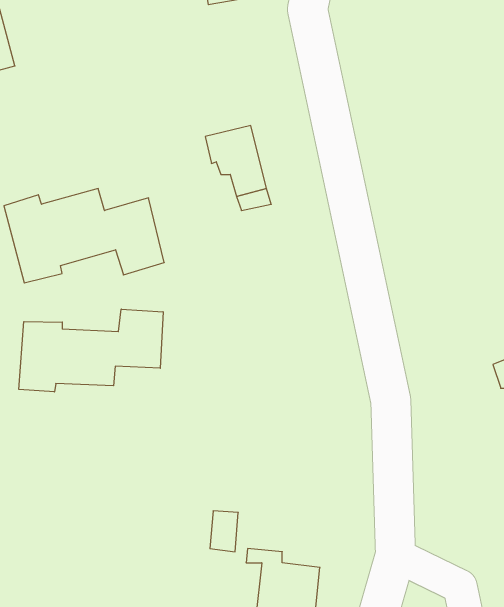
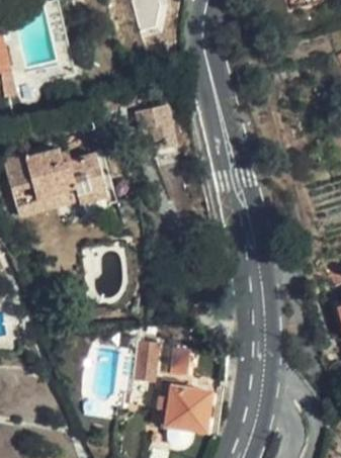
building: [19,309,163,392] -> none

